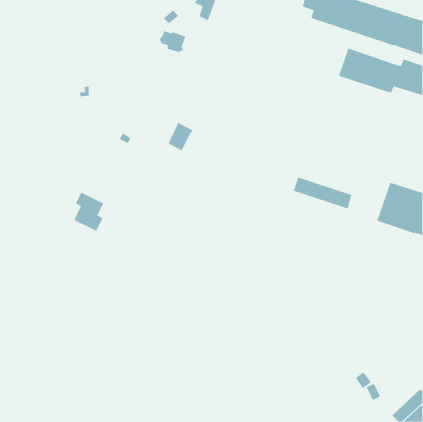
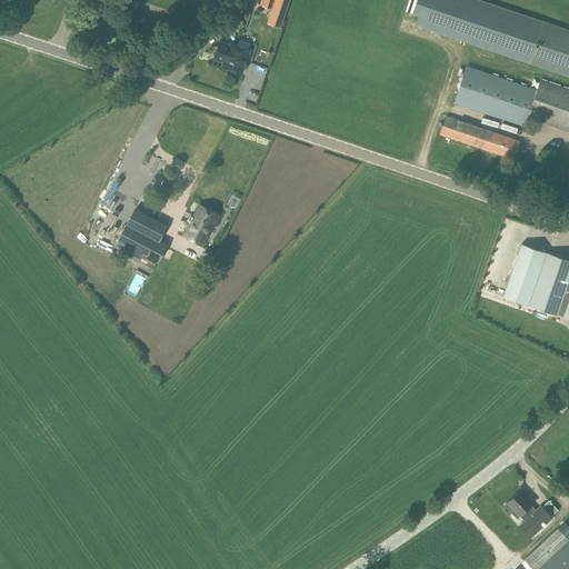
building: [168,122,193,151] -> [184,206,218,244]
building: [293,177,352,209] -> [440,116,520,159]
building: [73,192,104,232] -> [124,210,166,263]
building: none -> [505,490,558,538]

